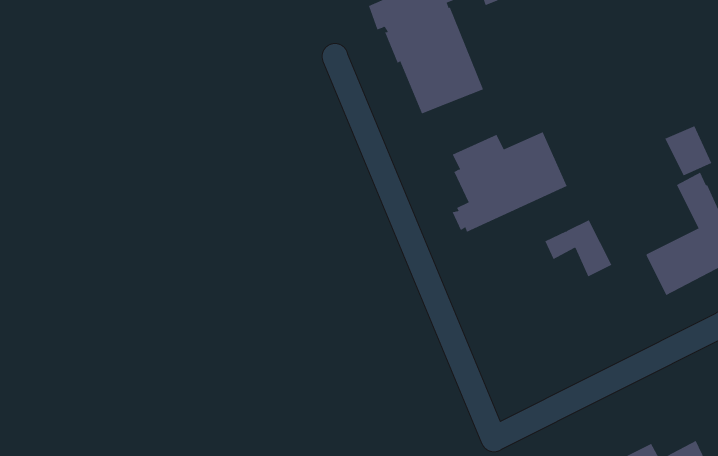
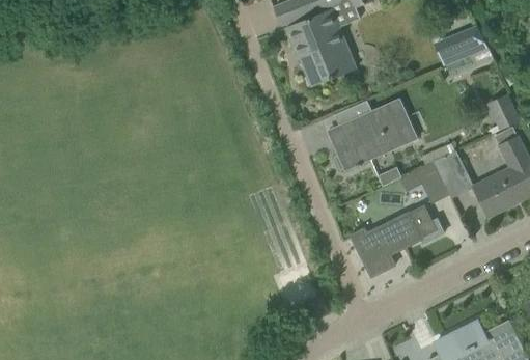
building: none -> [430,23,492,67]
building: none -> [433,151,473,199]
building: none -> [350,204,444,277]

